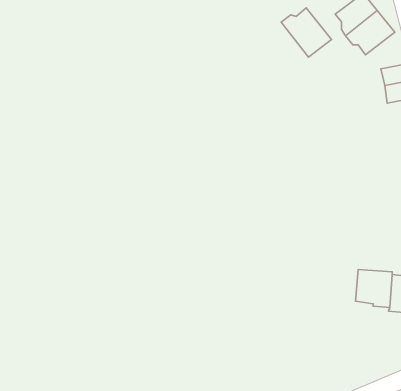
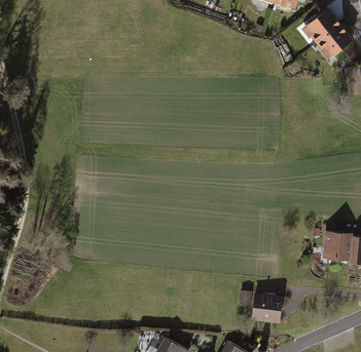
building: [281,8,332,57] -> none
building: none -> [252,294,281,321]

